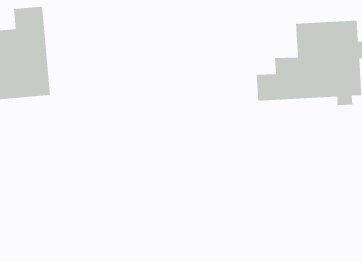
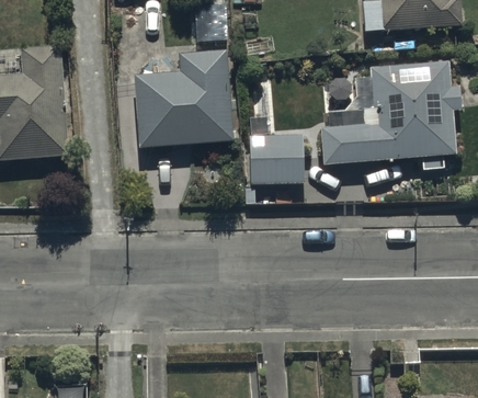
building: none -> [134,50,232,147]
building: none -> [249,135,303,202]

